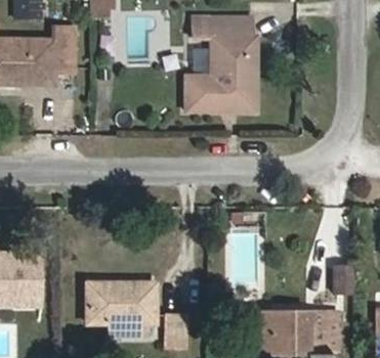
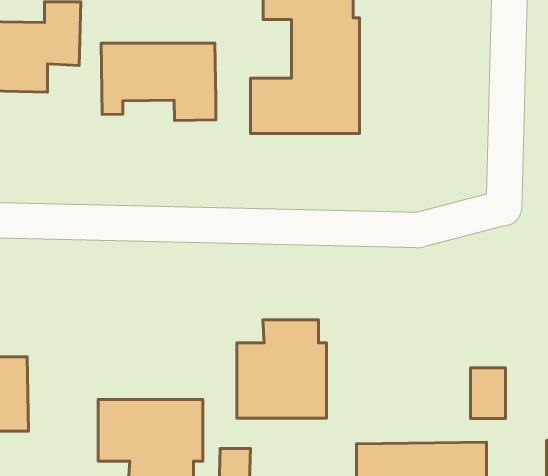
building: none -> [101,43,216,120]
building: none -> [237,320,326,418]

